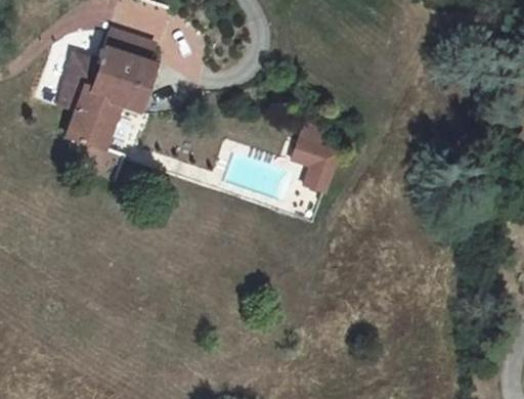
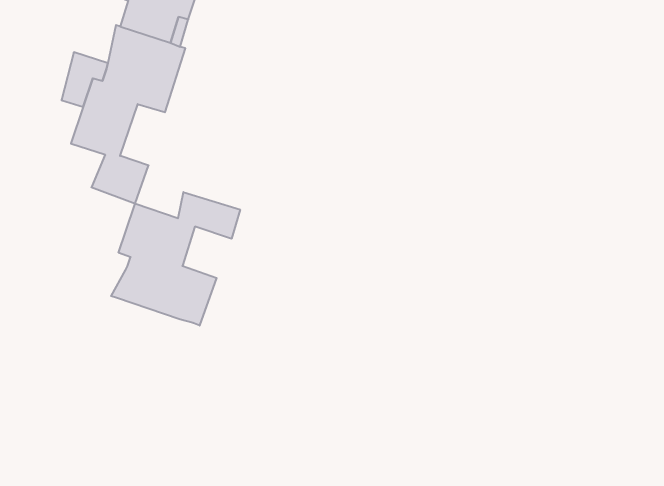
building: [291,120,343,194] -> none
building: none -> [111,192,240,326]

